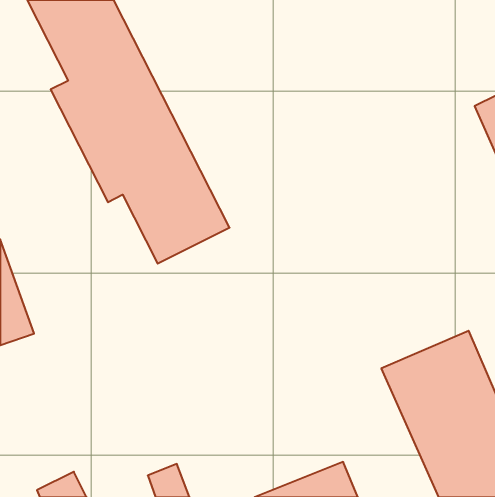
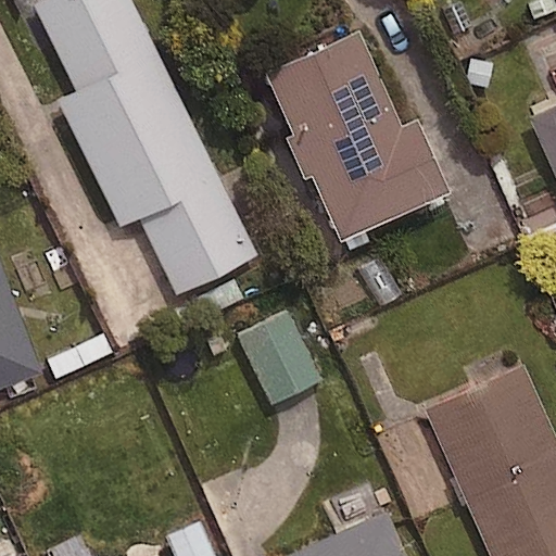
building: none -> [263,33,445,242]
building: none -> [240,313,321,403]

